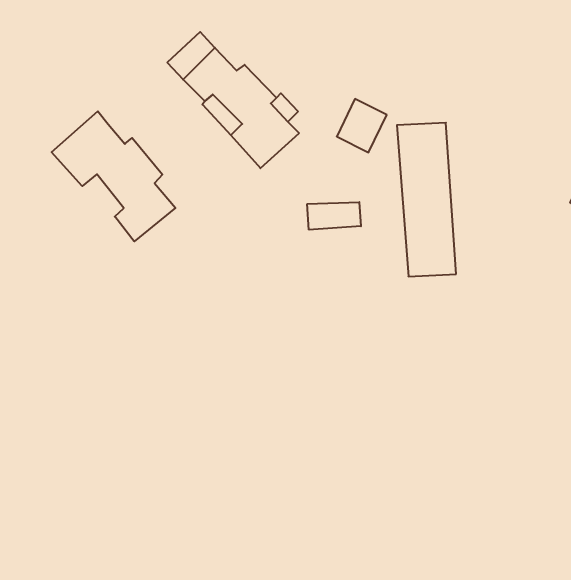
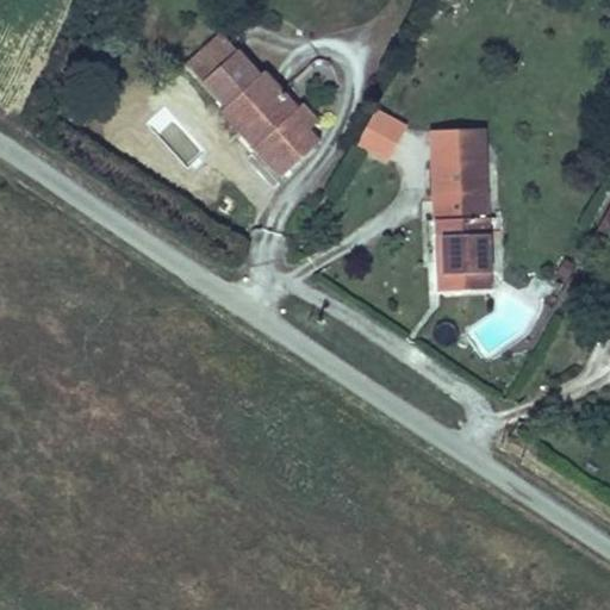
building: [52,111,175,241] -> none
building: [307,202,361,230] -> none

